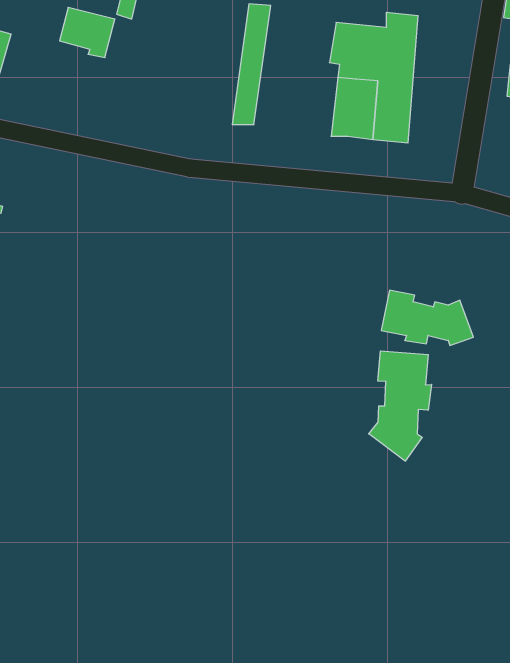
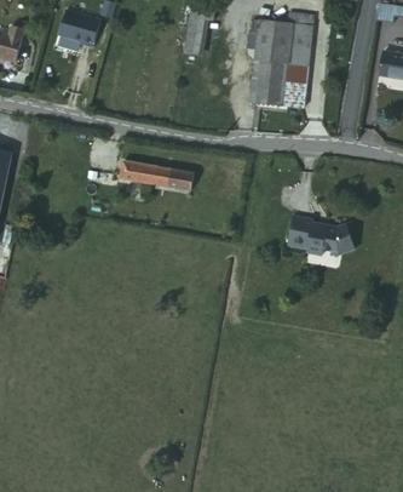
building: none -> [120,159,194,190]
building: [369,351,432,461] -> none

